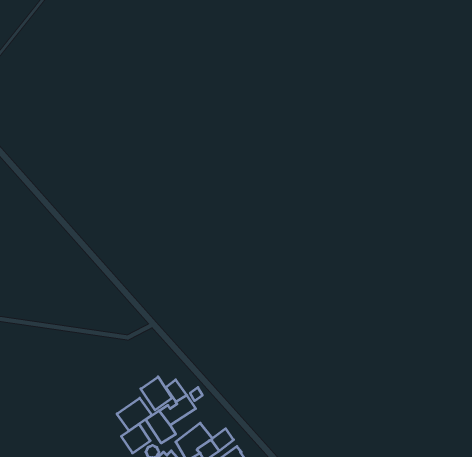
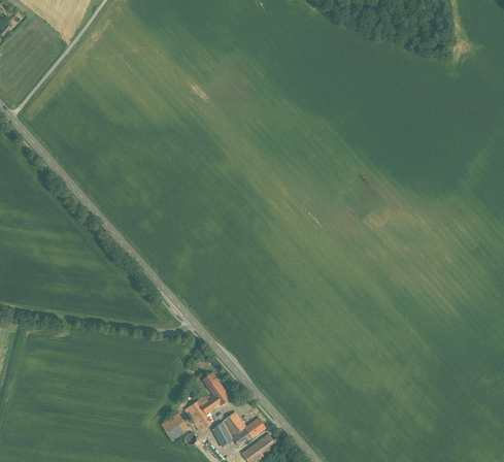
building: [141,377,172,410] -> none
building: [117,398,152,431] -> none

